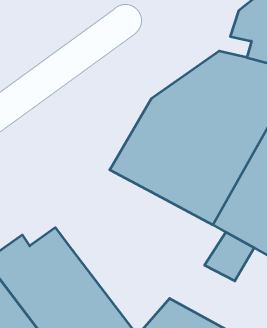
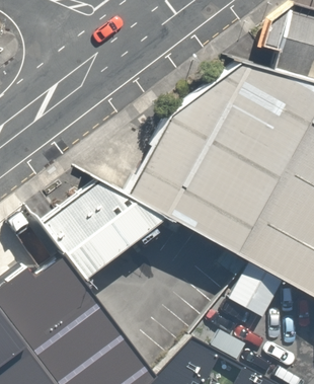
building: none -> [40,180,169,283]

